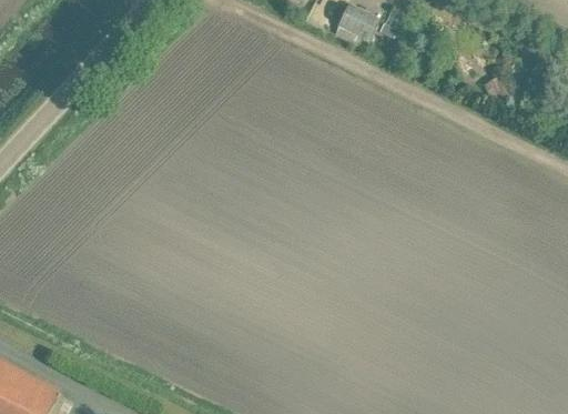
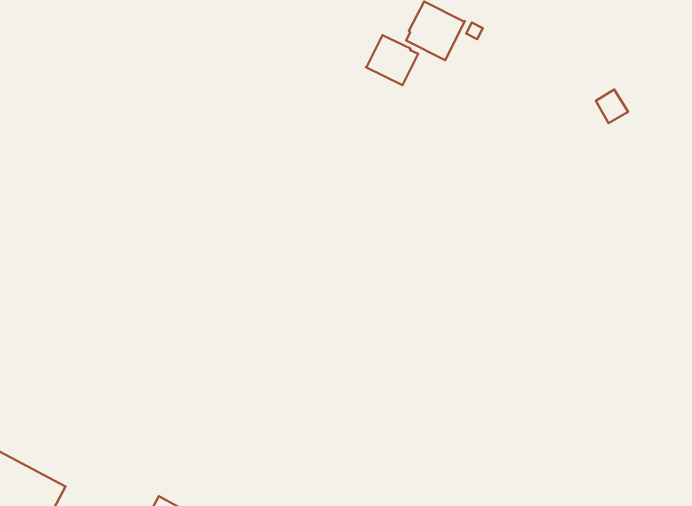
building: none -> [366,35,418,85]

